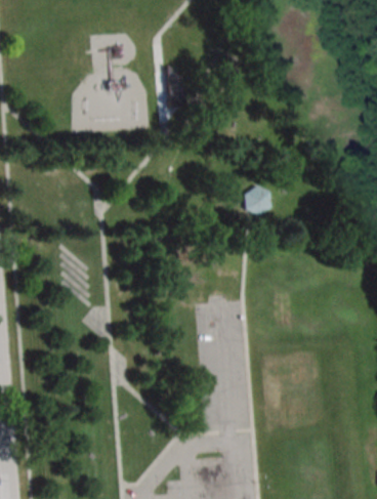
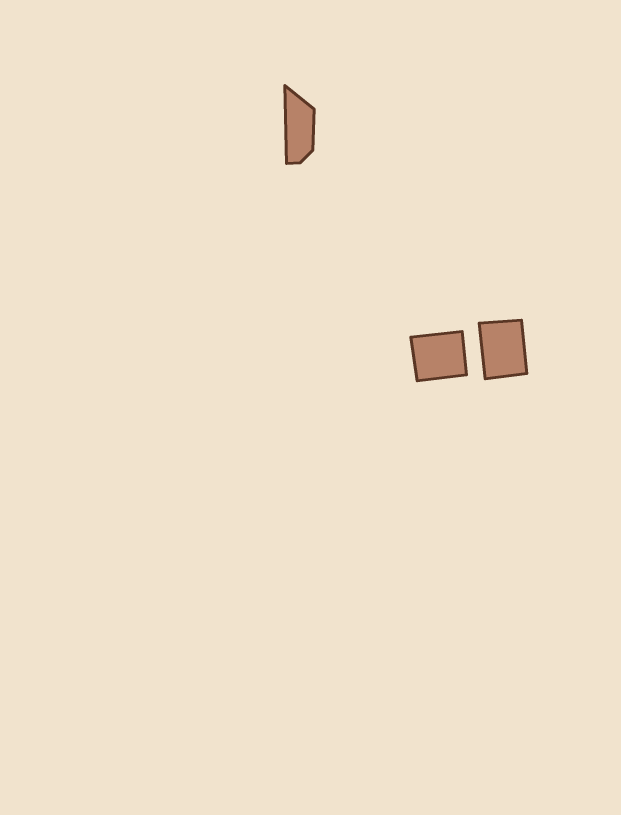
building: none -> [479,320,527,379]

